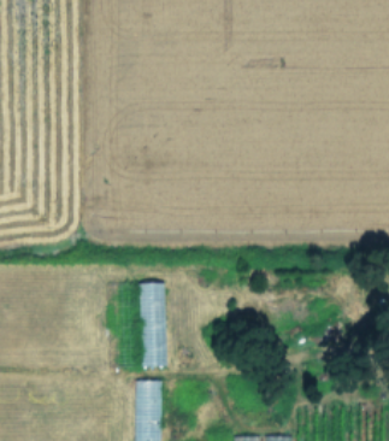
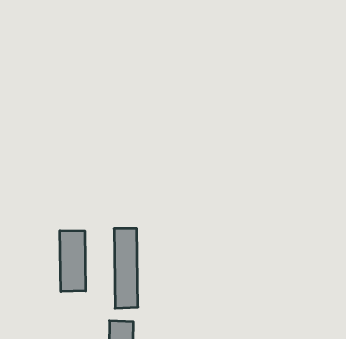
building: none -> [60,231,86,292]

